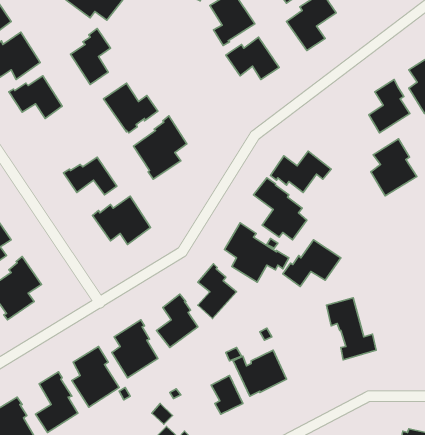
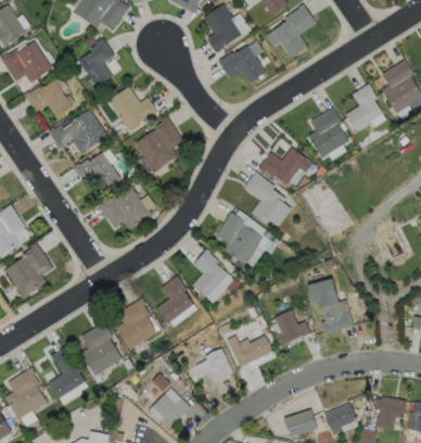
building: none -> [48,113,102,155]
building: [371,139,417,196] -> [308,107,349,159]
building: [283,240,341,286] -> none
building: none -> [275,311,310,345]

